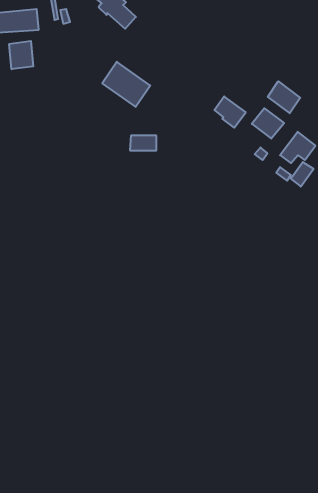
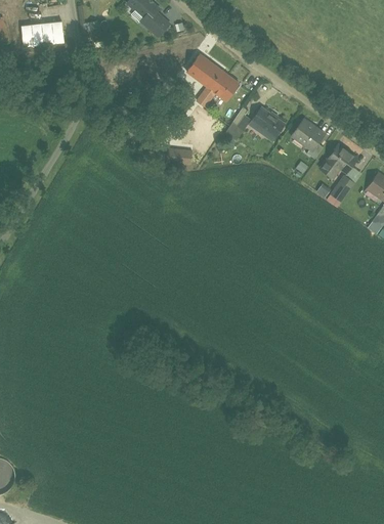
building: [9,41,33,69] -> none
building: [102,62,150,107] -> [189,54,240,101]
building: [268,81,300,113] -> none

